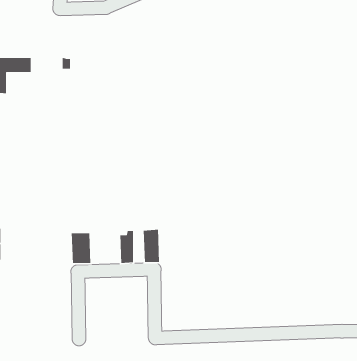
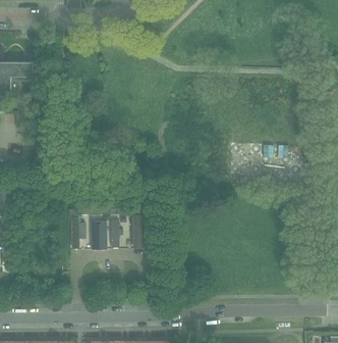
building: none -> [92,223,110,249]

